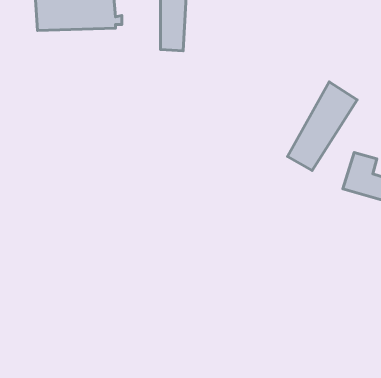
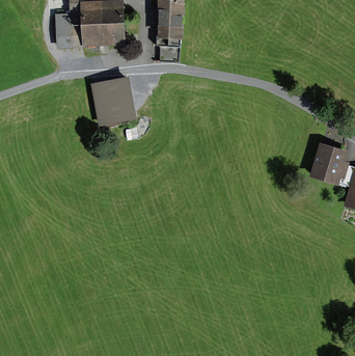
building: none -> [93,79,134,122]
building: [287,82,357,171] -> none

